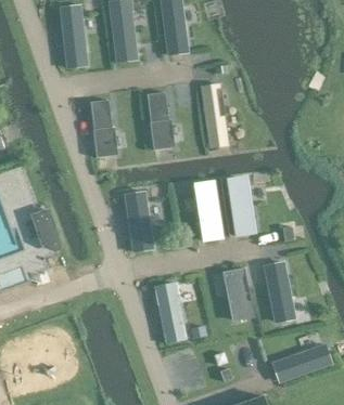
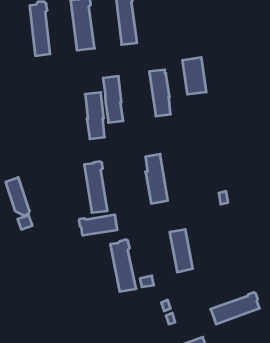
building: none -> [183,57,206,94]
building: [90,100,113,154] -> [85,92,105,139]
building: [227,179,255,236] -> none
building: [262,248,295,322] -> none
building: none -> [79,215,117,235]

